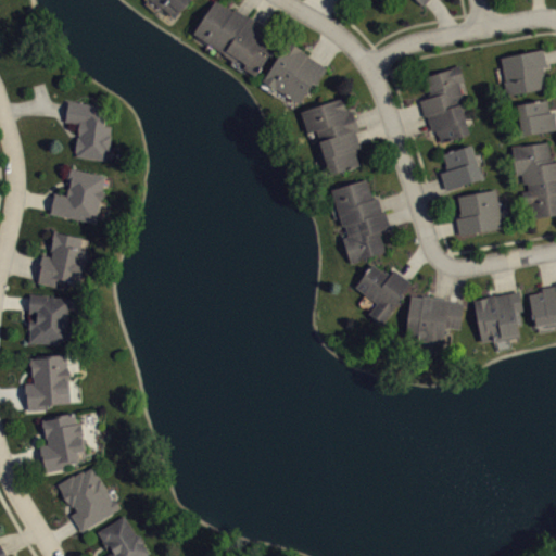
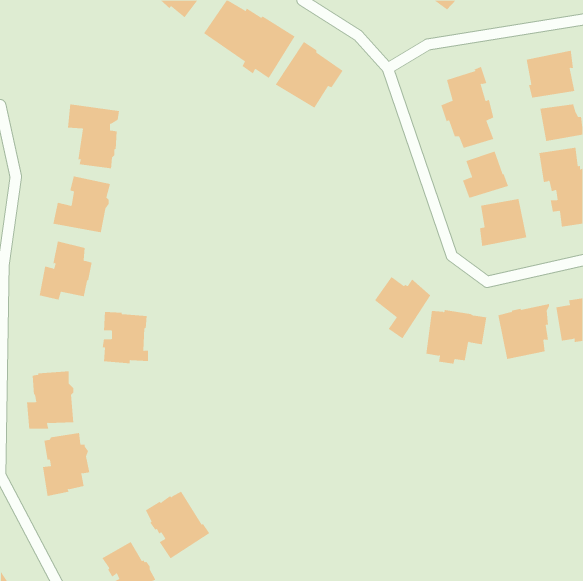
building: [301,99,359,177] -> none
building: [330,180,389,264] -> none
building: [28,295,73,345] -> [102,311,149,364]
building: [59,467,121,532] -> [145,491,210,559]

